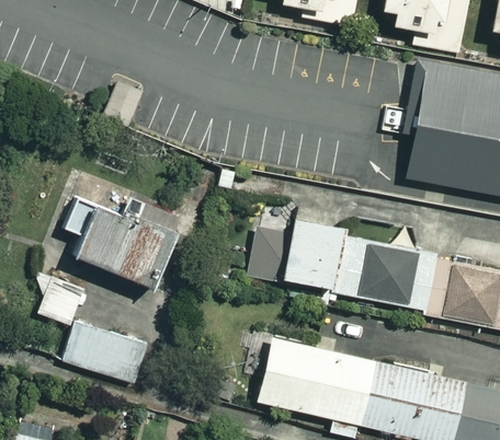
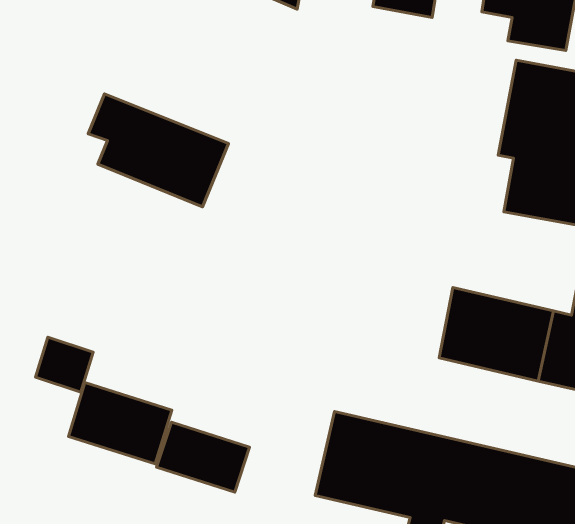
building: [64,194,175,283] -> [88,94,229,207]
building: [249,212,371,298] -> none
building: none -> [157,422,250,492]

